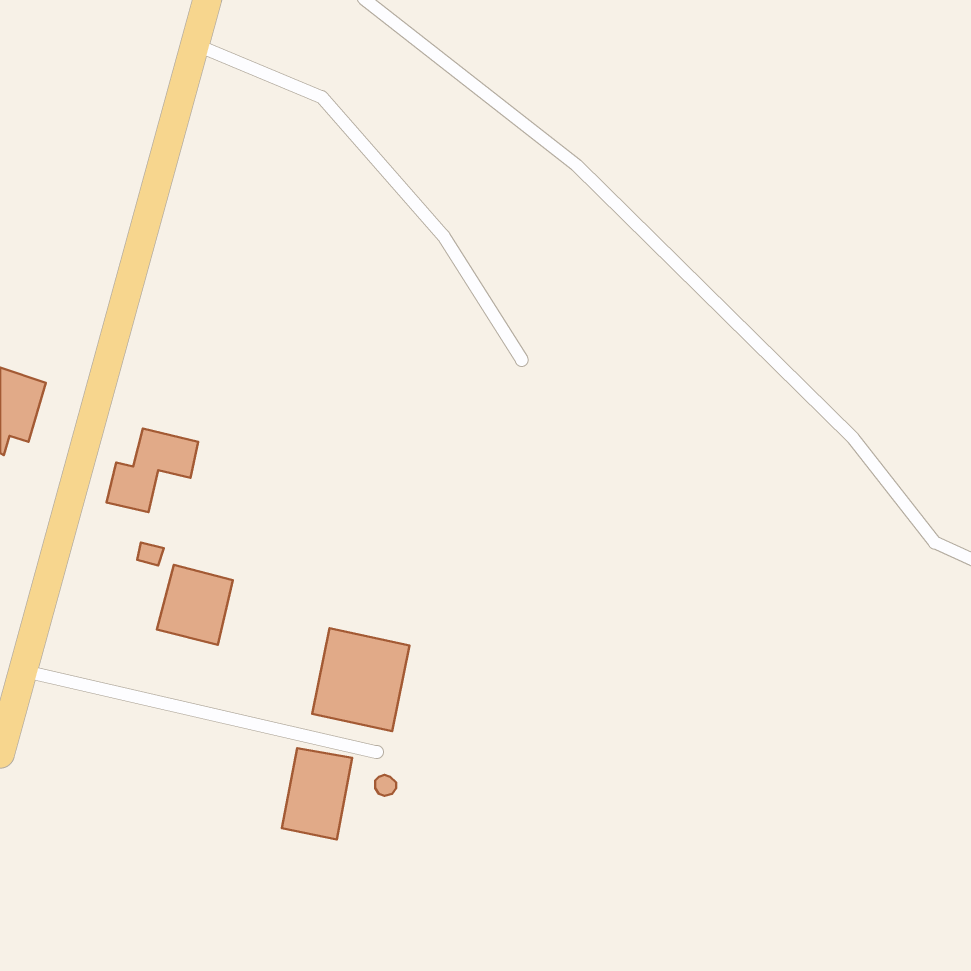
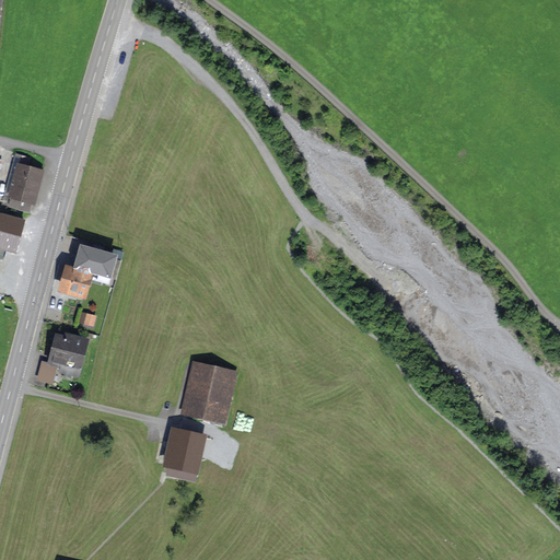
building: none -> [5,165,39,206]
building: [157,565,233,645] -> [43,326,86,372]

